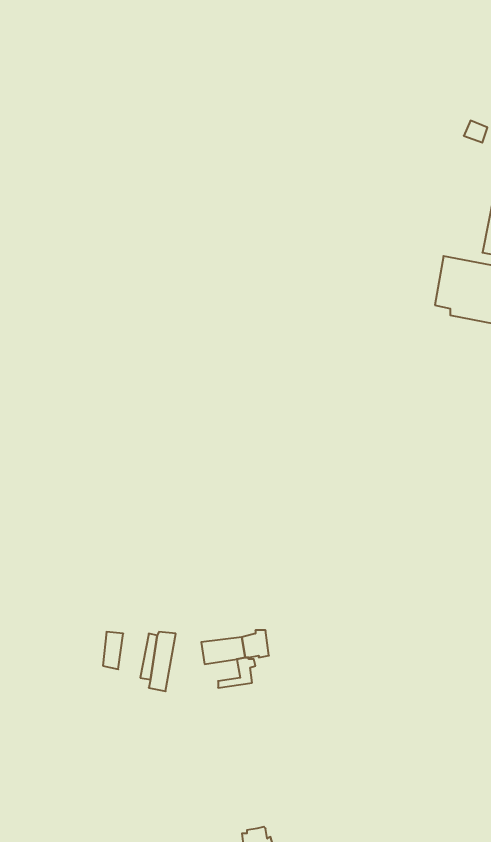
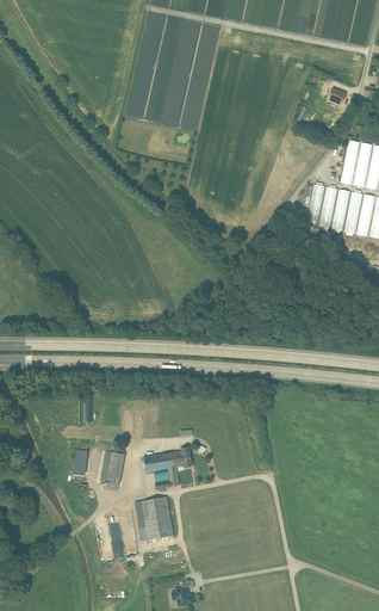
building: none -> [135,496,173,541]

